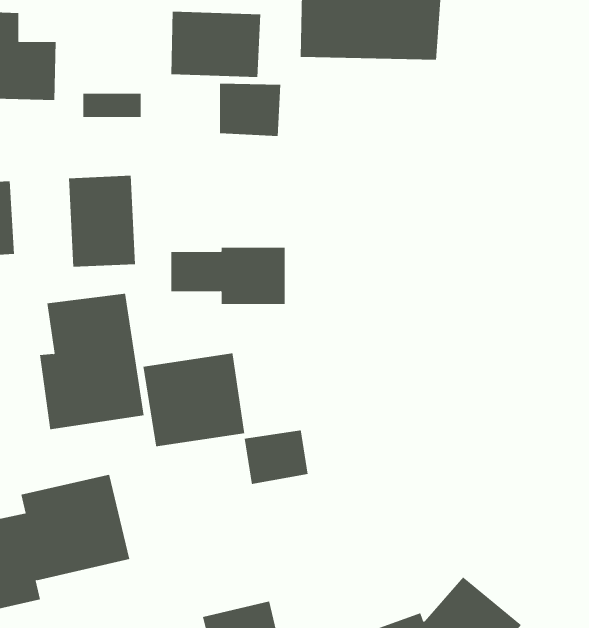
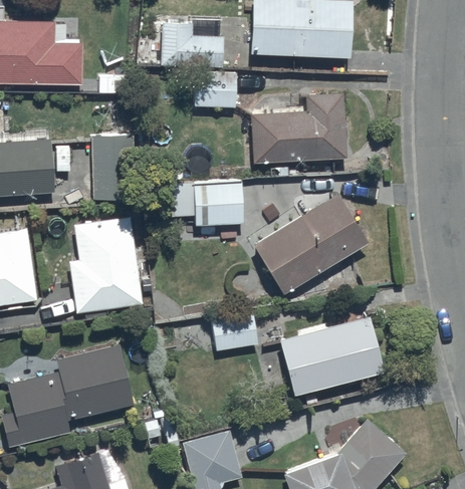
building: none -> [253,93,343,162]
building: none -> [254,194,368,293]
building: [143,352,245,447] -> none
building: none -> [278,316,383,396]

